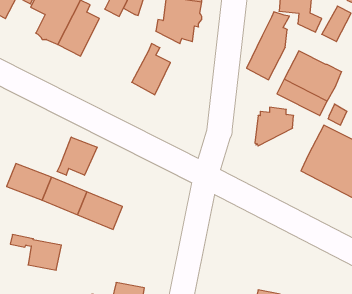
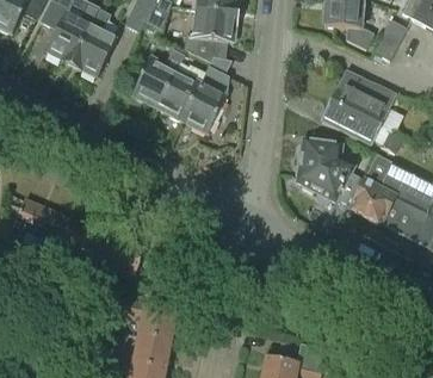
building: [247,12,289,80] -> [183,55,231,132]
building: none -> [131,48,184,105]
building: none -> [301,157,358,204]
building: [57,137,97,175] -> none
building: [10,235,61,270] -> [118,299,177,340]

